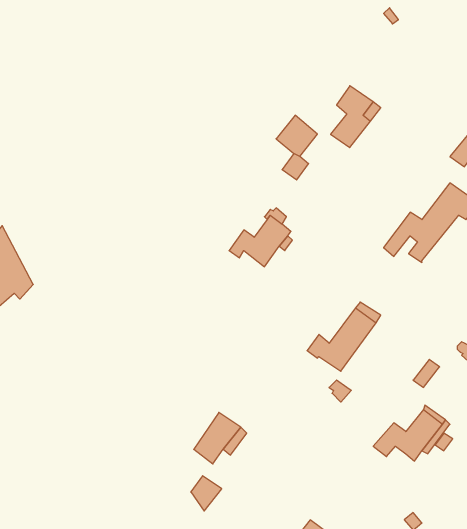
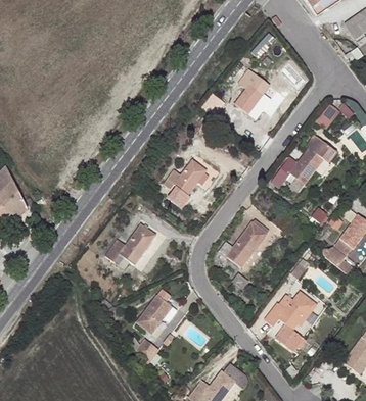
building: none -> [106,224,154,270]
building: none -> [276,324,305,352]

